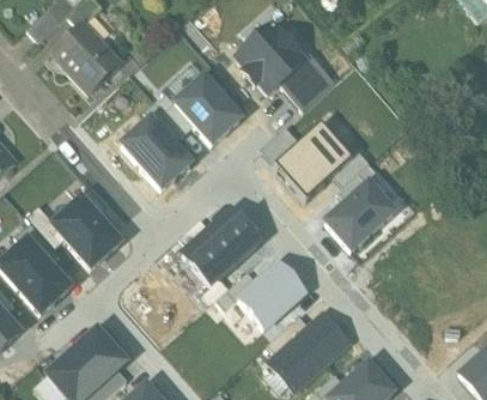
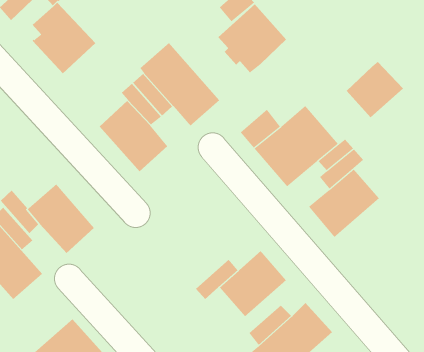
building: [281,55,337,110] -> [346,61,404,118]
building: [184,211,262,285] -> none

